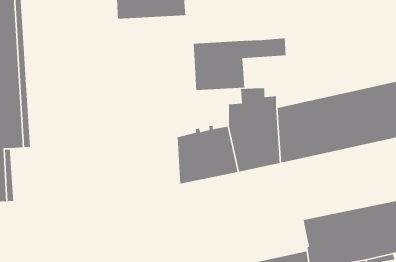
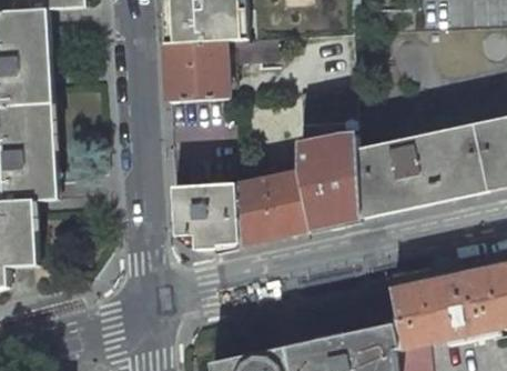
building: [193,38,286,91] -> [163,37,276,101]
building: none -> [172,183,239,250]

